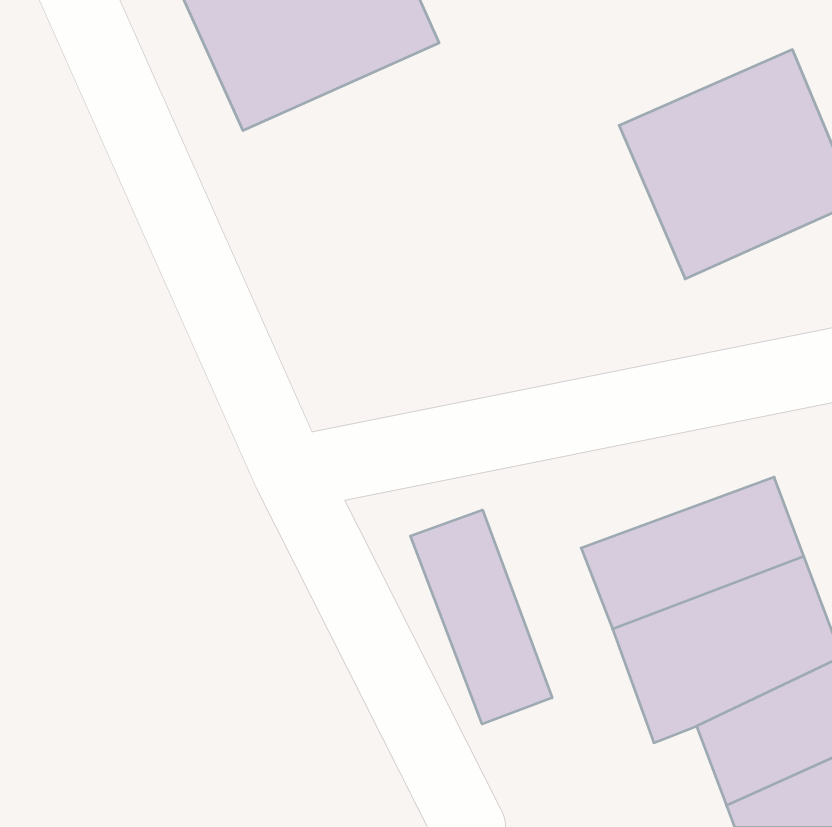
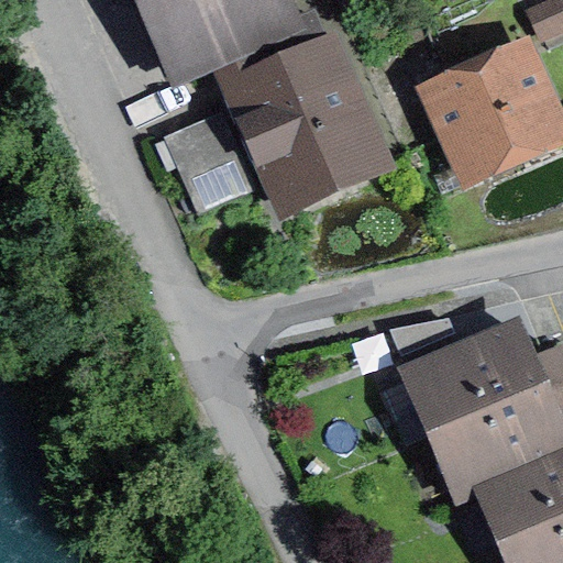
building: none -> [183,29,395,218]
building: [410,510,552,724] -> none

